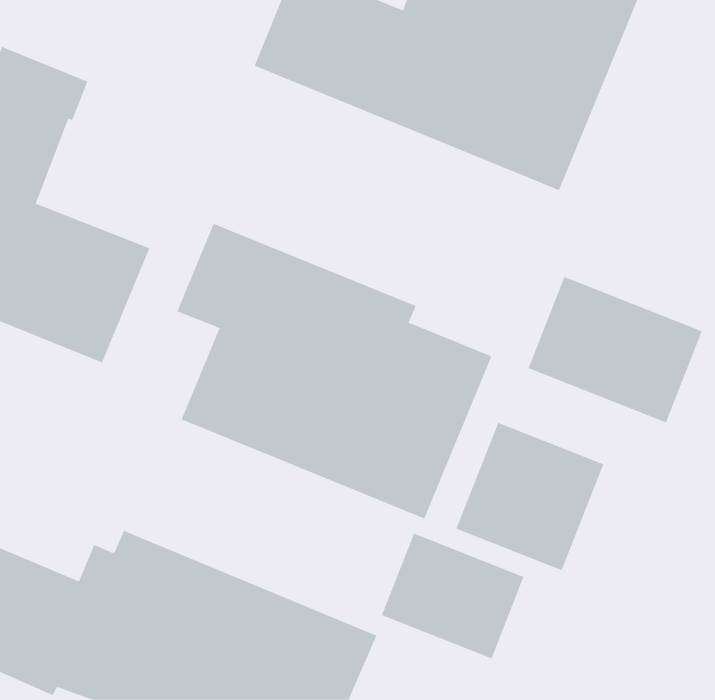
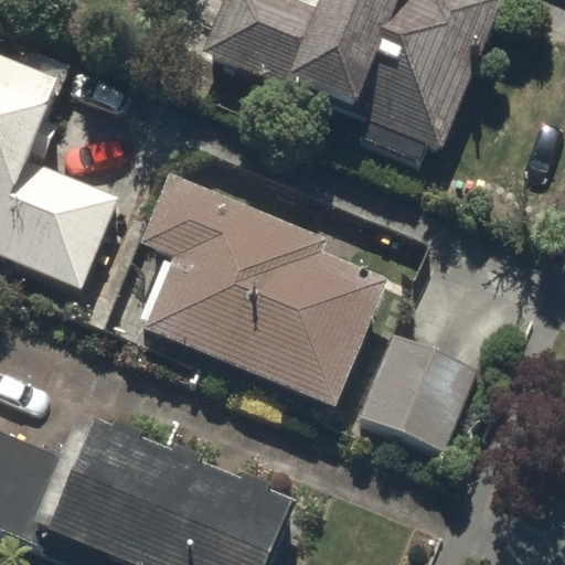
building: [528,276,703,423] -> none
building: [381,533,524,659] -> none

